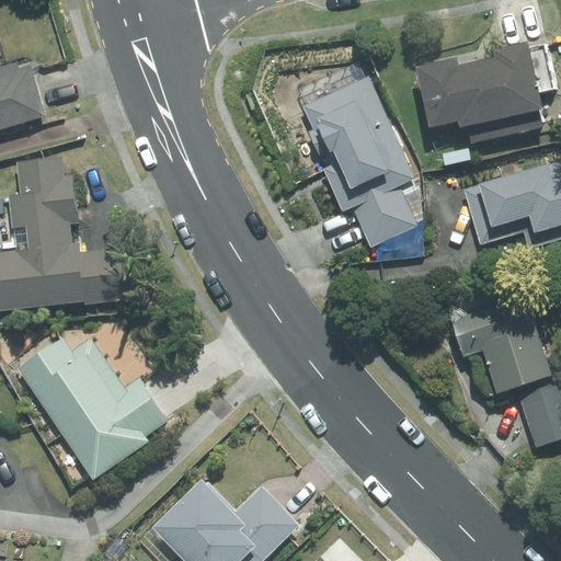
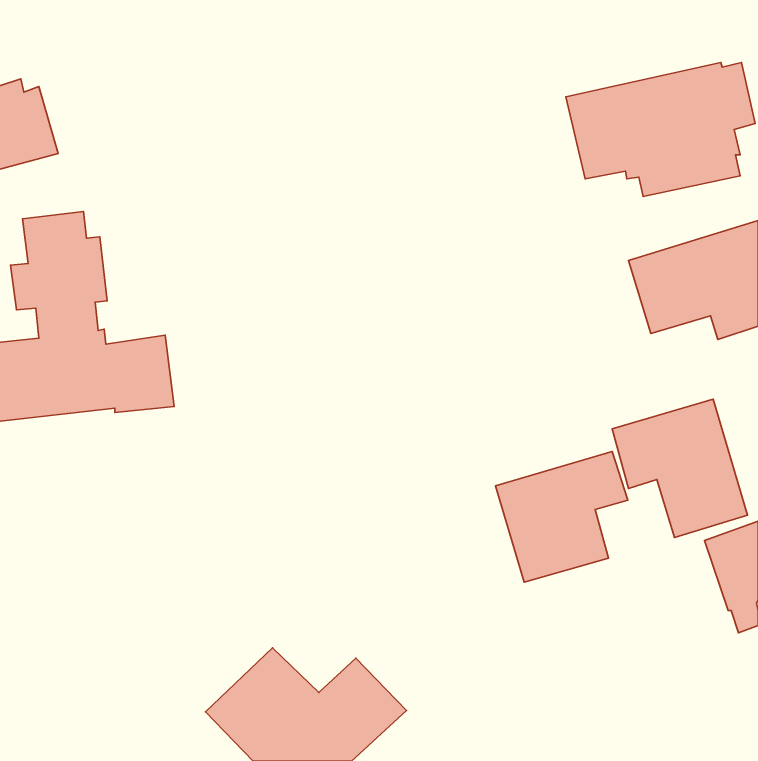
building: [302,77,417,249] -> none
building: none -> [496,451,628,582]
building: [16,336,168,478] -> none

